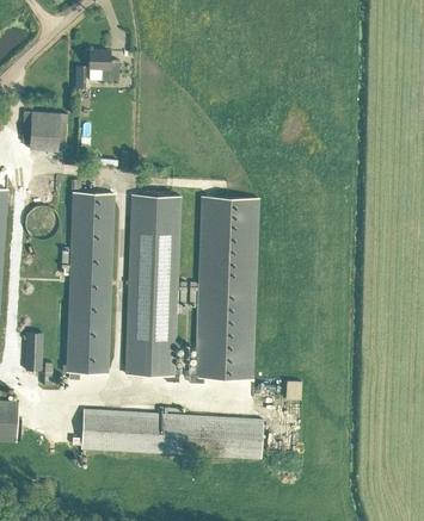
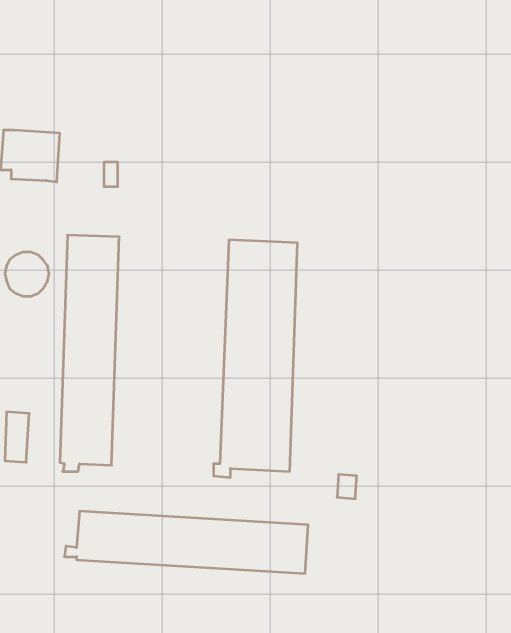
building: [90,50,119,80] -> none
building: [127,190,182,382] -> none

